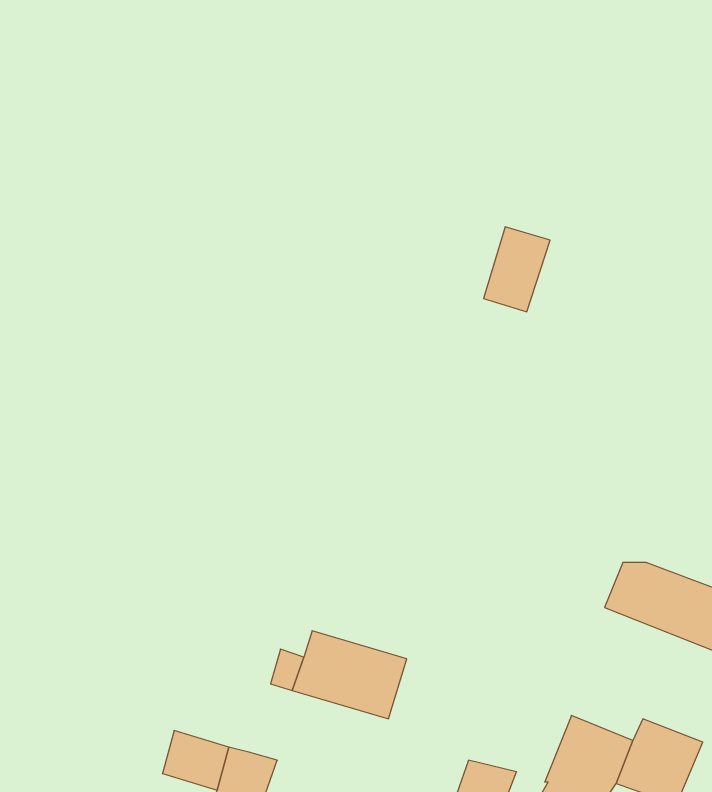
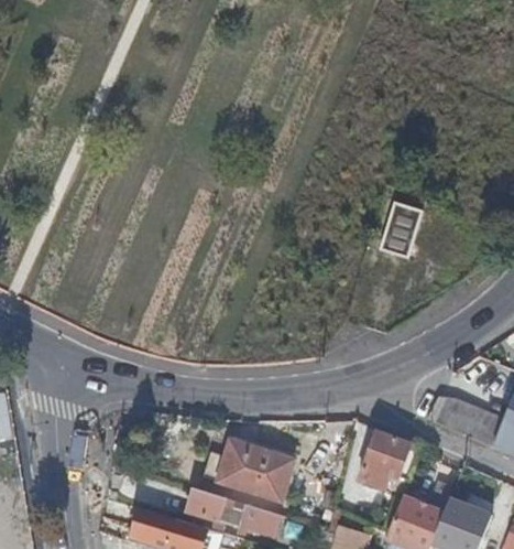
building: [484,227,550,312] -> [378,204,422,260]
building: none -> [361,431,412,488]
building: none -> [188,488,287,539]

